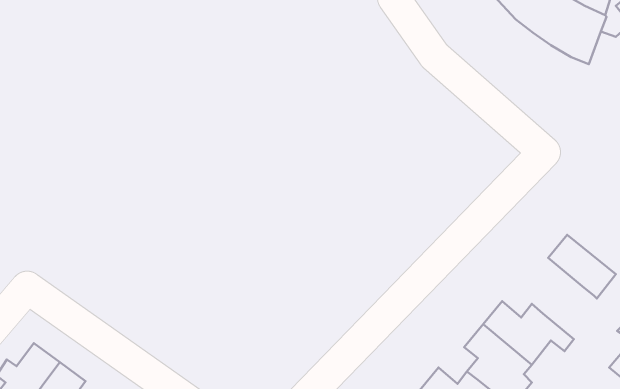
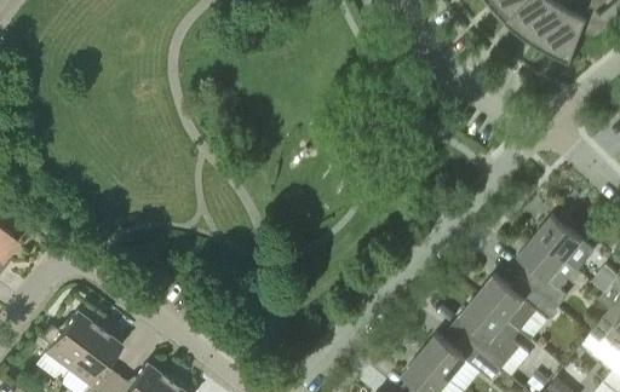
building: none -> [518,235,576,307]

